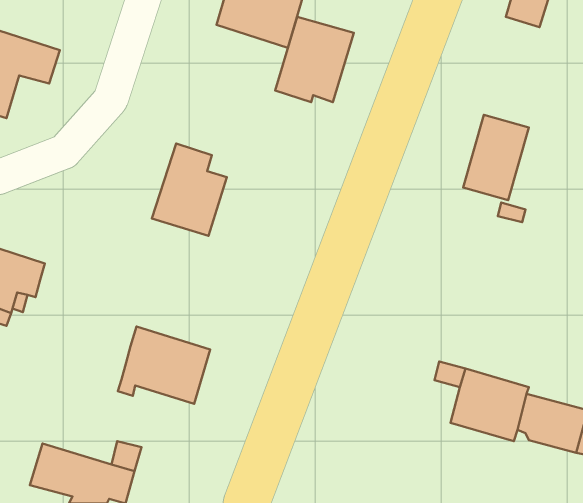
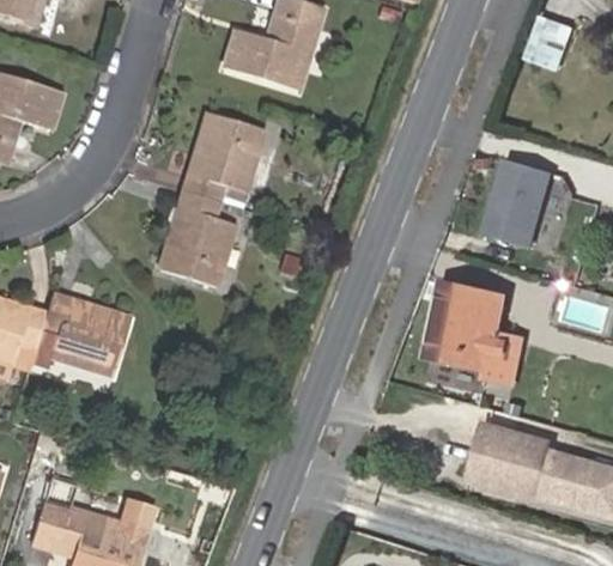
building: [275,17,354,102] -> [184,112,266,201]
building: none -> [425,282,521,383]
building: [118,327,210,404] -> [35,293,131,373]

